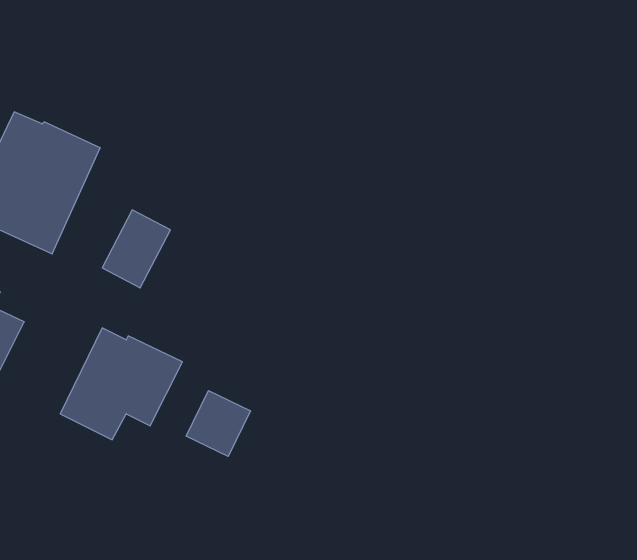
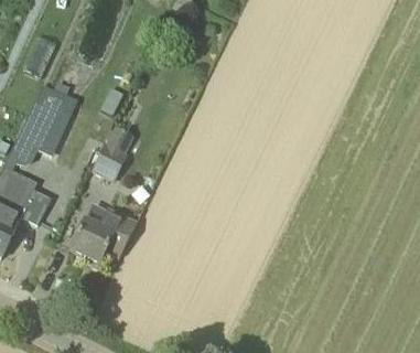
building: [186,391,250,456] -> none

